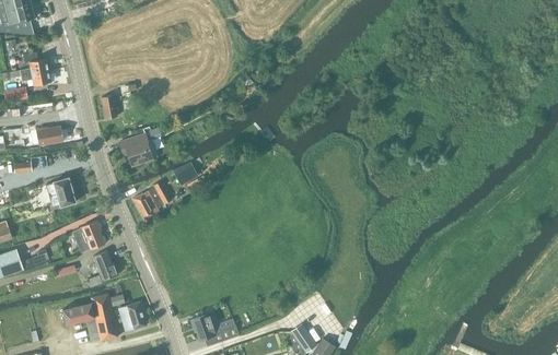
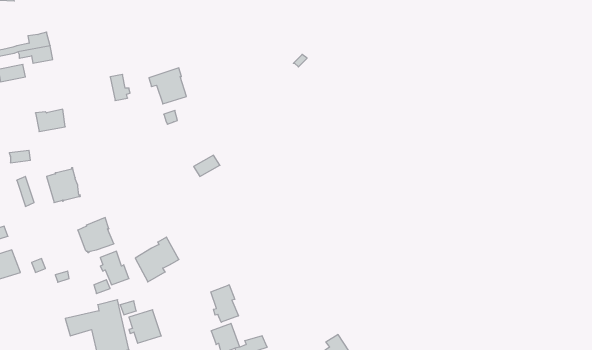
building: [119,133,152,165] -> [149,68,186,104]
building: [133,180,172,220] -> [135,237,179,282]
building: none -> [211,285,238,322]

